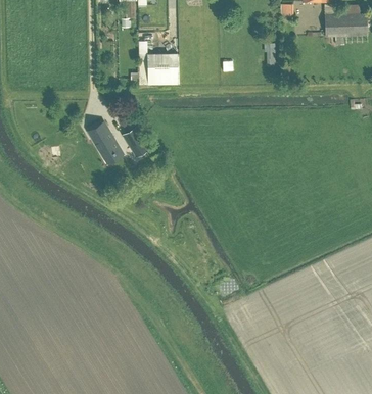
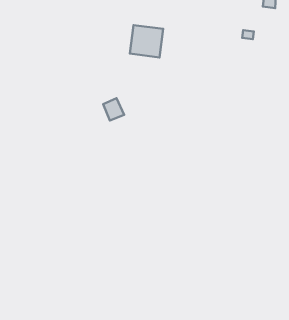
building: [88,121,121,157] -> none

